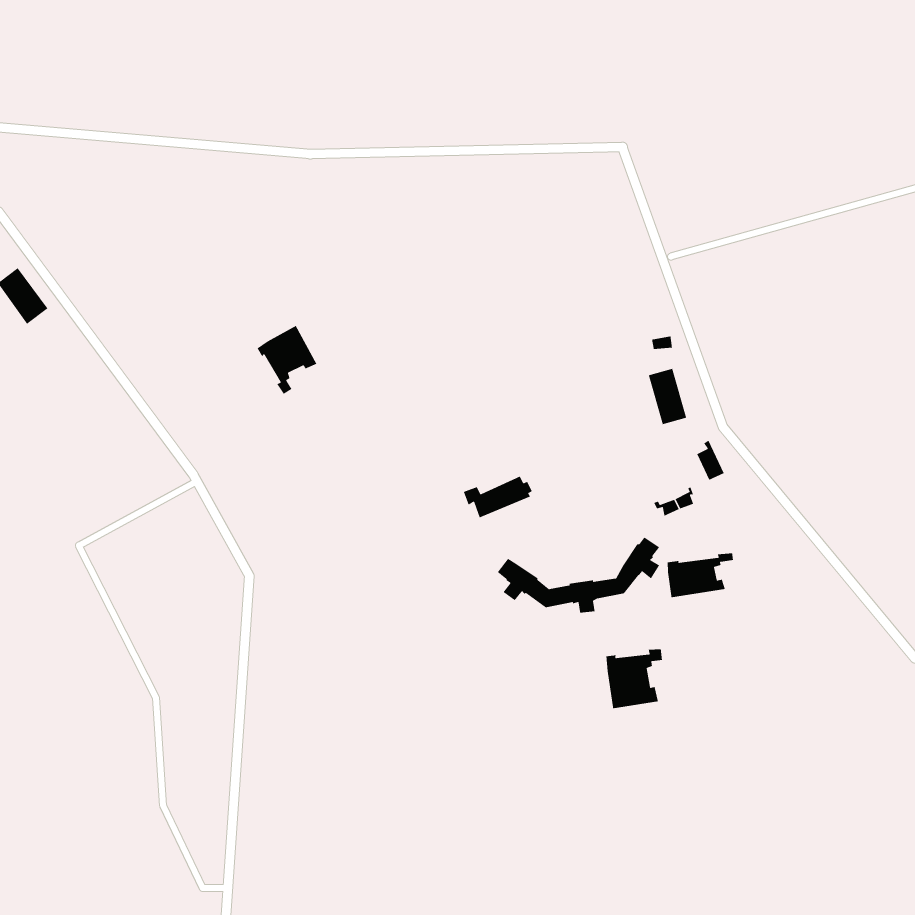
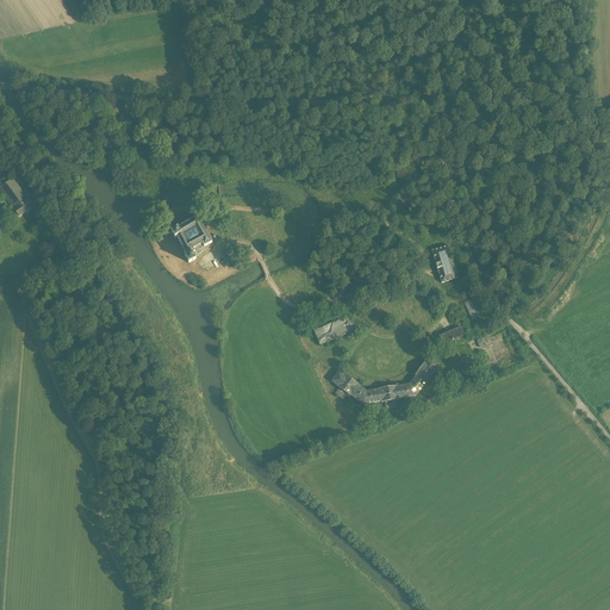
building: [667,552,734,598] -> none
building: [606,648,663,709] -> none

